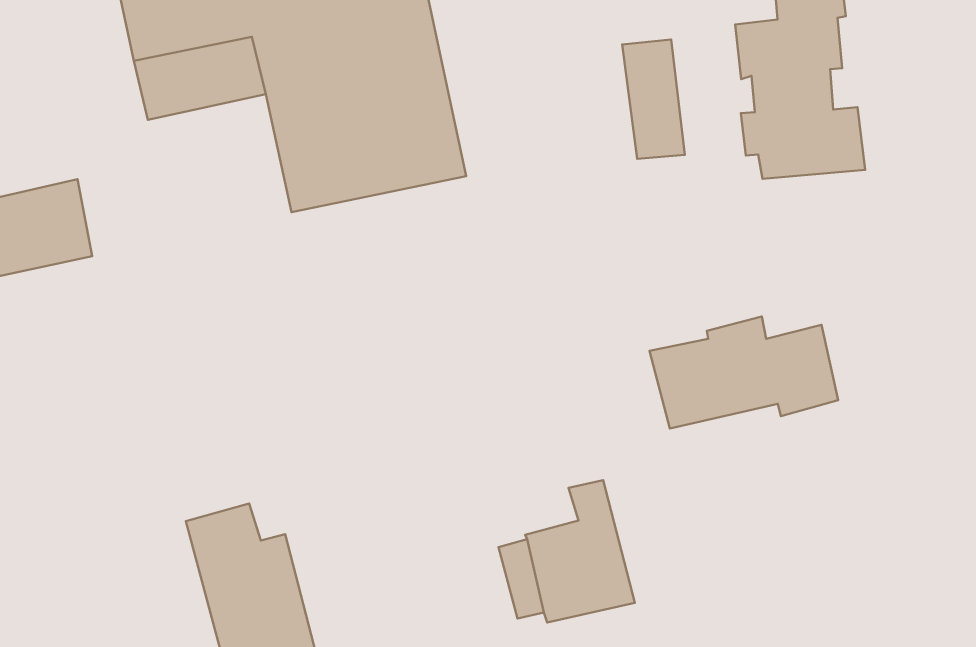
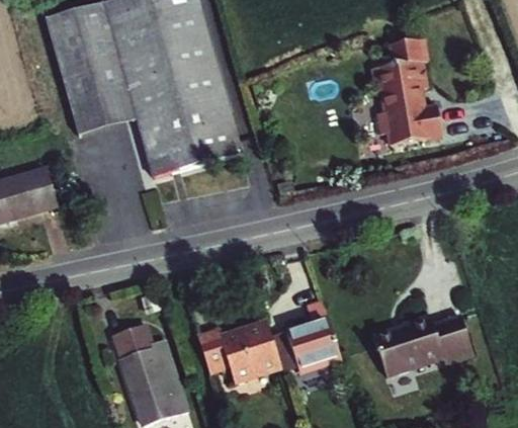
building: [622,39,685,159] -> none
building: [649,317,838,428] -> [374,315,471,374]
building: none -> [196,323,279,381]

